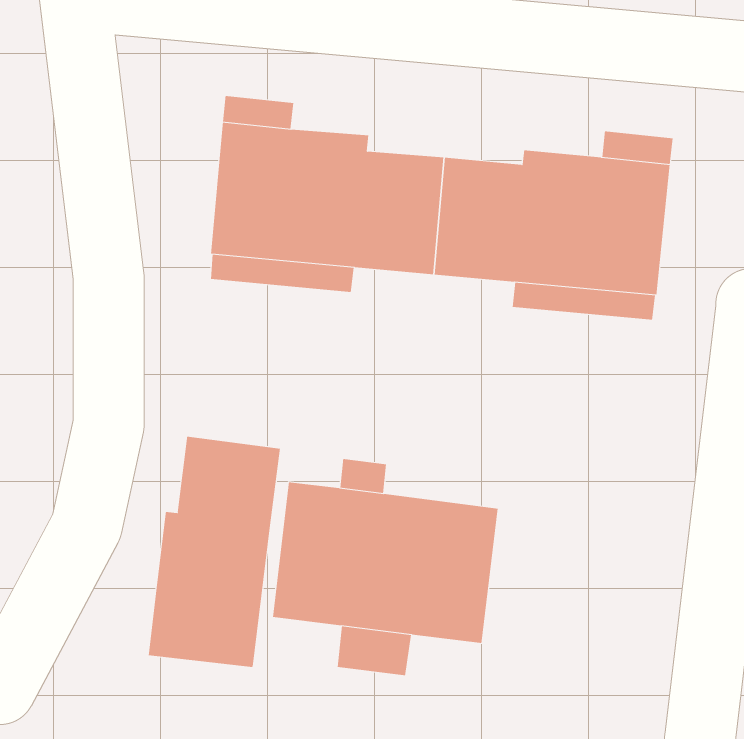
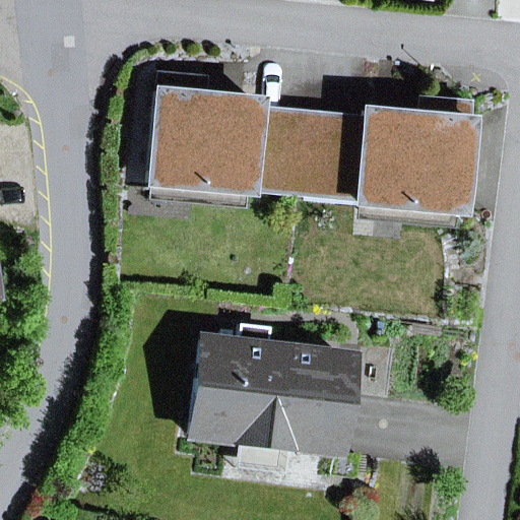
building: [148,436,280,668] -> none

